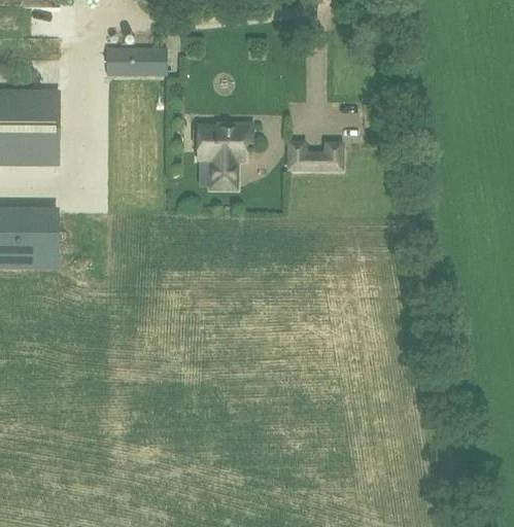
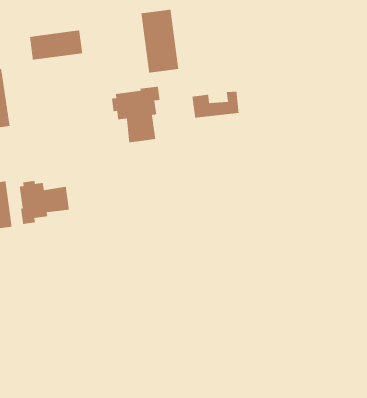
building: none -> [140,9,179,74]
building: none -> [19,180,70,225]

